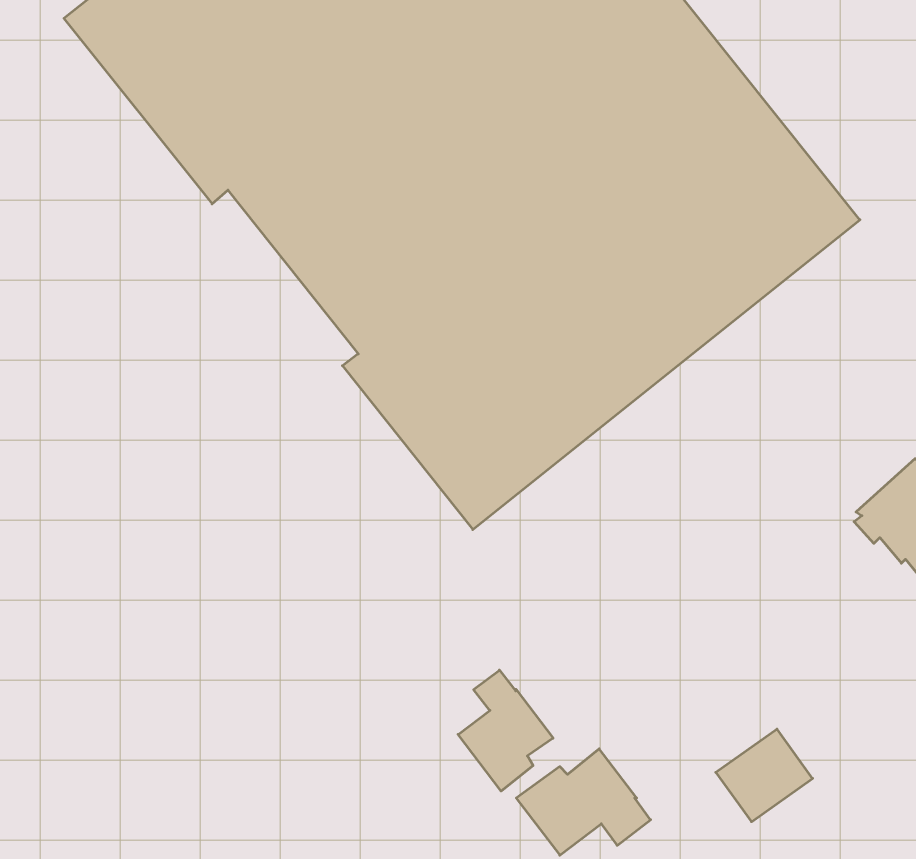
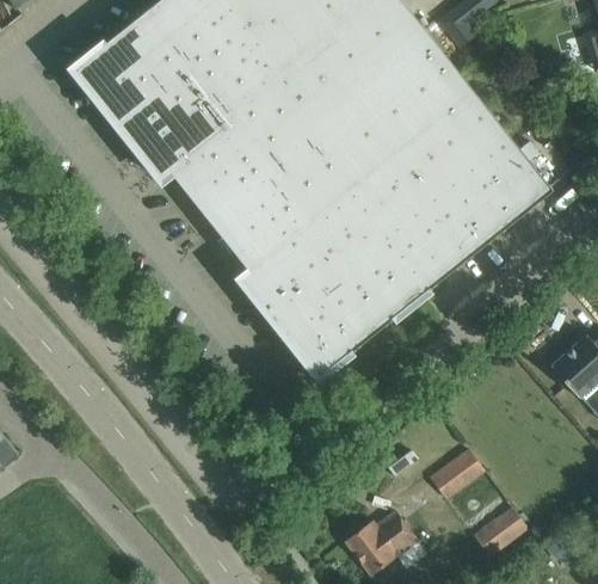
building: none -> [430,450,483,499]
building: [458,670,553,791] -> none

